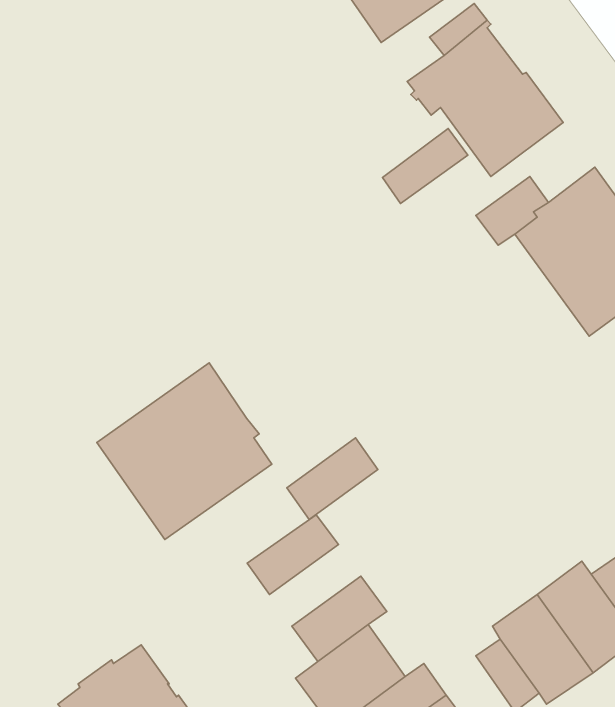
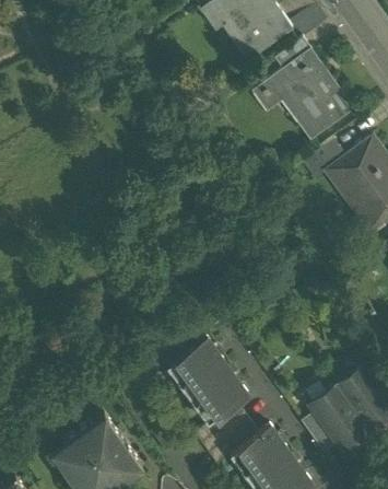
building: [382,129,468,204] -> none
building: [97,363,272,540] -> none
building: [287,438,378,520] -> [180,356,234,404]

